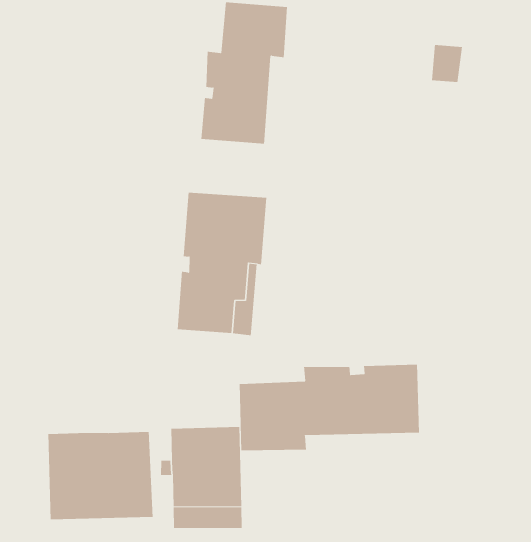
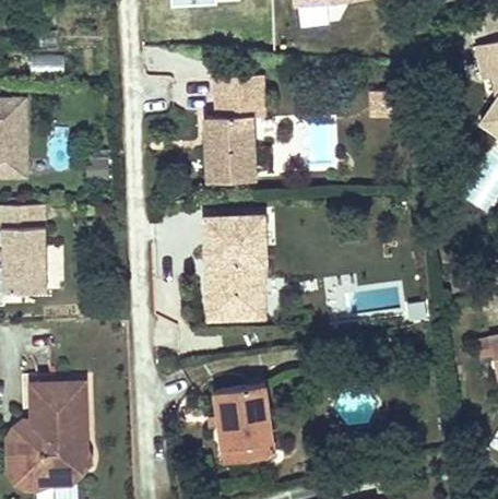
building: [239,364,419,451] -> none
building: [48,431,153,520] -> none

